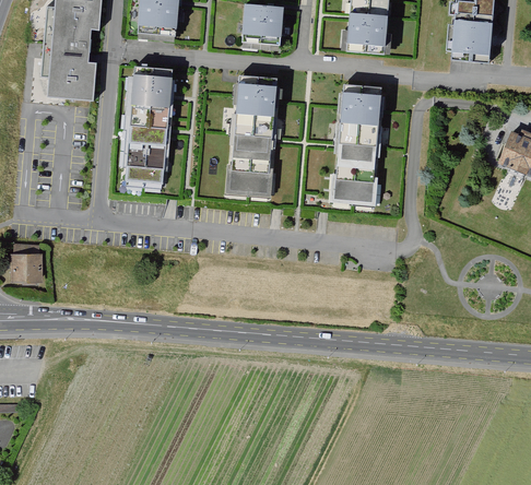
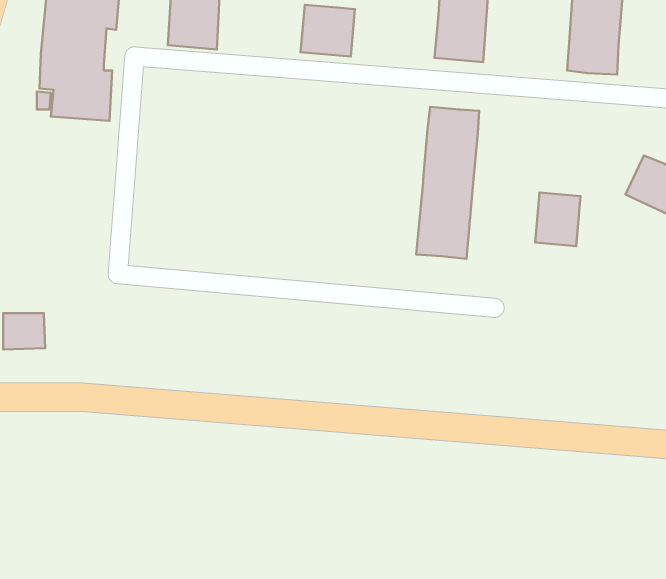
building: [125,68,174,185] -> none
building: [228,78,278,198] -> none
building: none -> [535,192,580,246]

